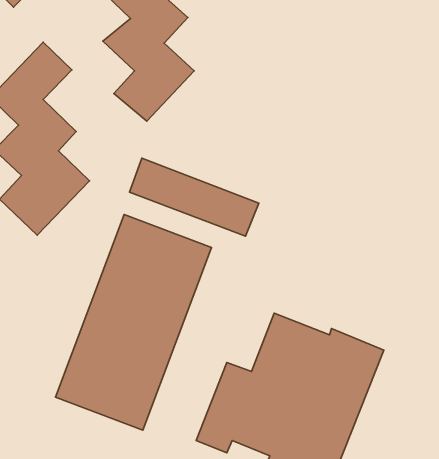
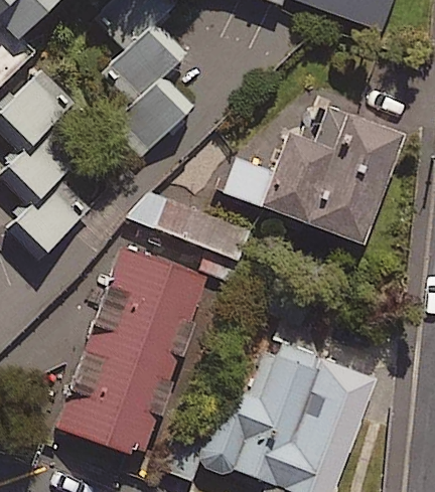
building: none -> [226,102,401,240]

